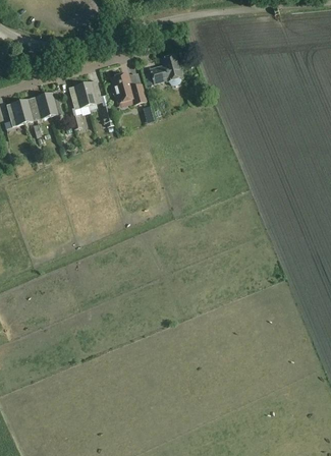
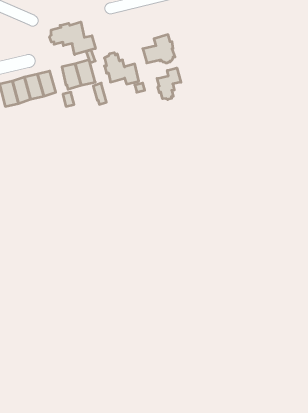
building: none -> [50,22,95,55]
building: none -> [157,68,181,100]

